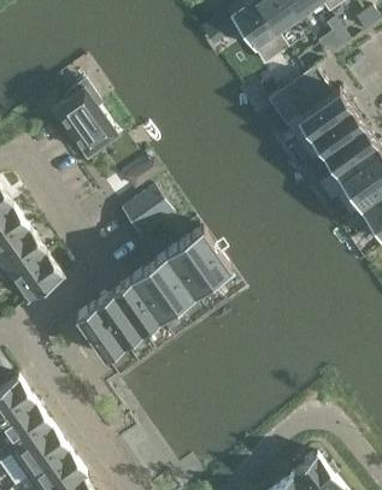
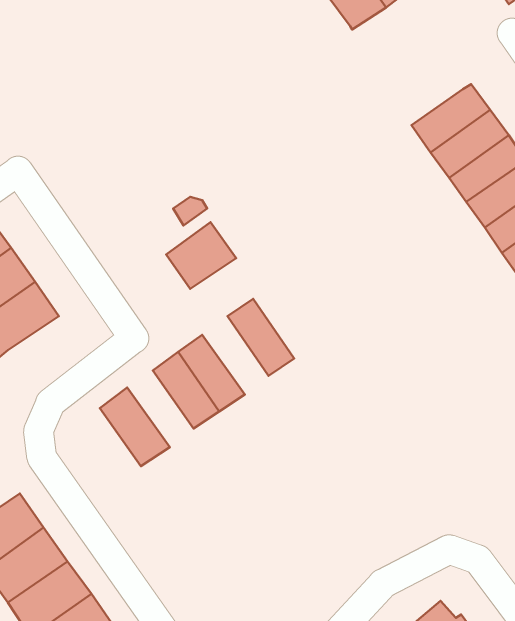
building: [266,67,331,126] -> none
building: [53,82,116,155] -> none
building: [183,228,231,283] -> none
building: [10,253,63,302] -> none
building: [147,253,194,308] -> none
building: [94,291,141,346] -> none

